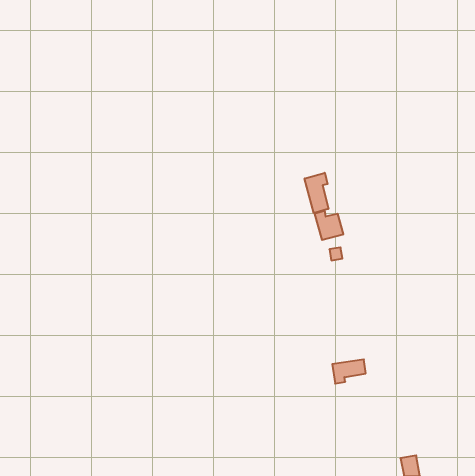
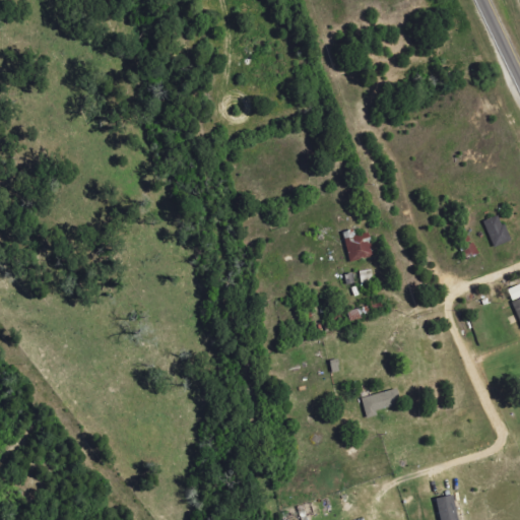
building: [305,173,328,213] -> none
building: none -> [483,215,509,248]

